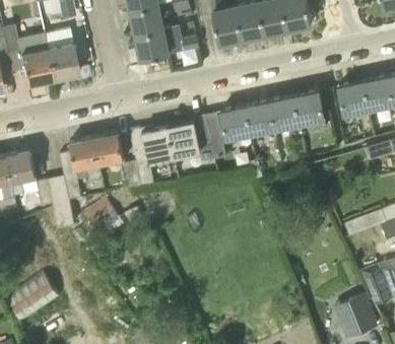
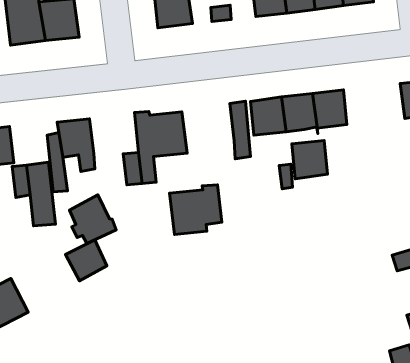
building: [293,91,324,124] -> [292,141,327,179]
building: [167,116,210,158] -> [169,185,222,234]
building: [93,133,124,165] -> none
building: none -> [65,240,107,281]

